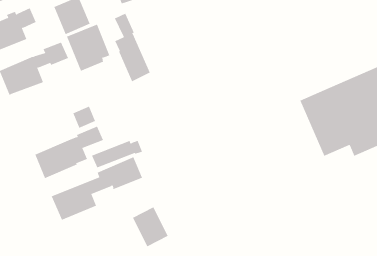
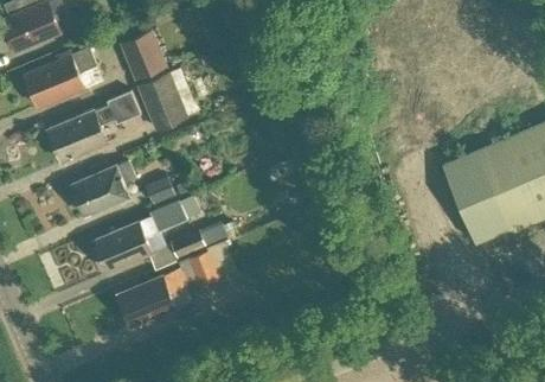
building: [114,13,151,82] -> none
building: none -> [70,161,133,216]
building: [132,206,169,247] -> none

